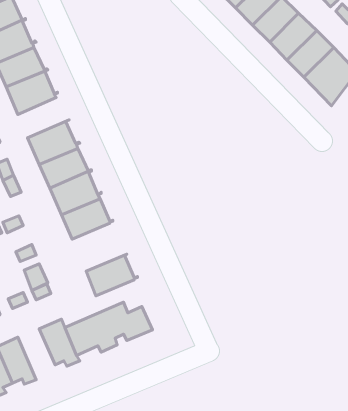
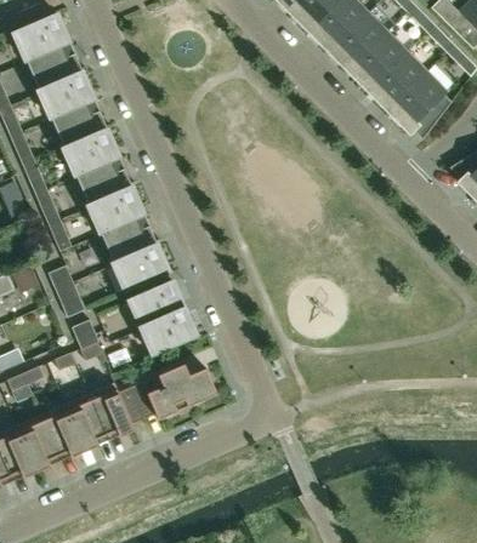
building: none -> [64,131,123,177]
building: none -> [130,282,188,328]
building: none -> [64,394,107,452]

